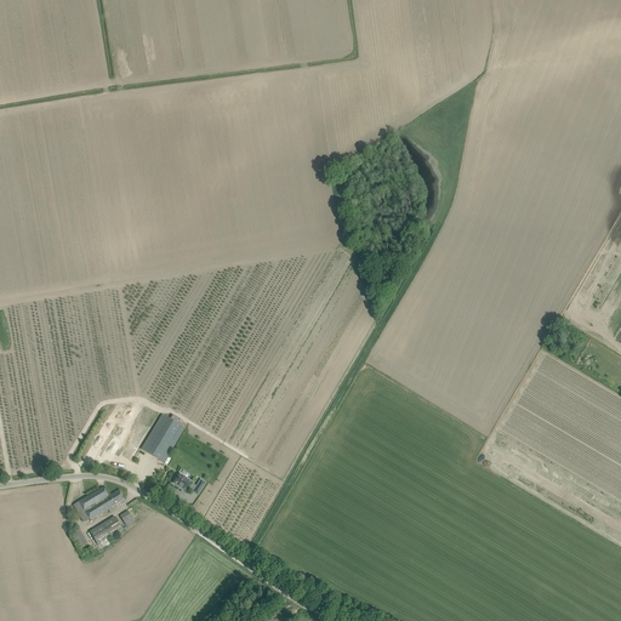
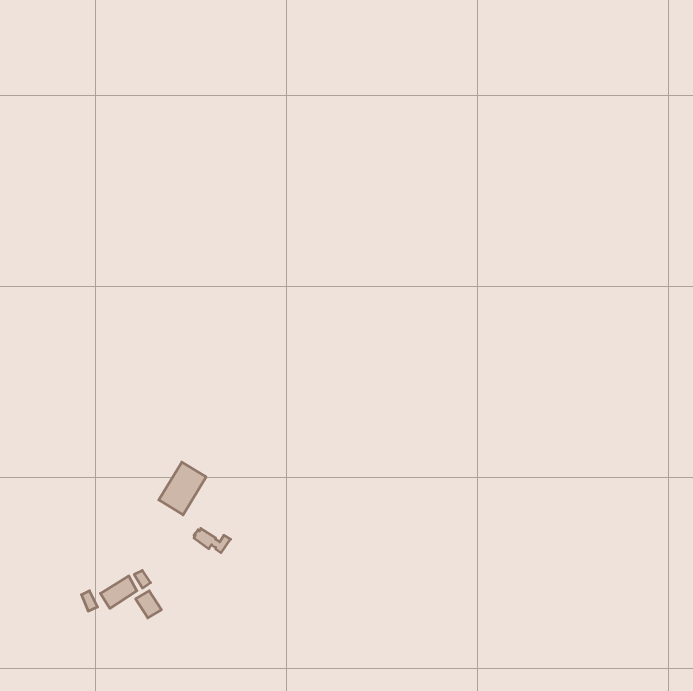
building: [73,486,125,522] -> none

